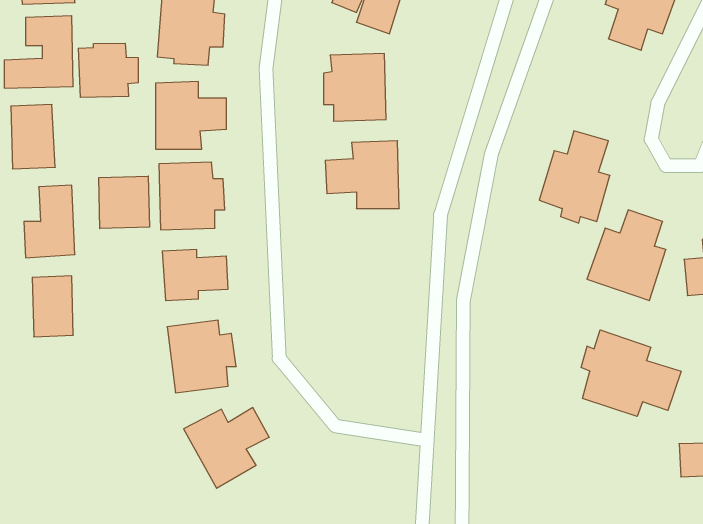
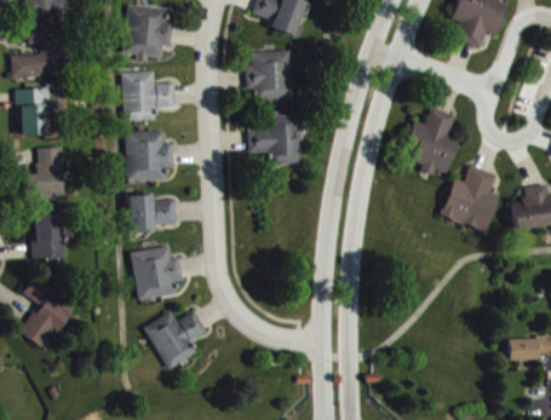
building: [78,43,138,97] -> none
building: [99,176,149,229] -> none
building: [581,330,681,416] -> none
building: none -> [19,276,76,347]

